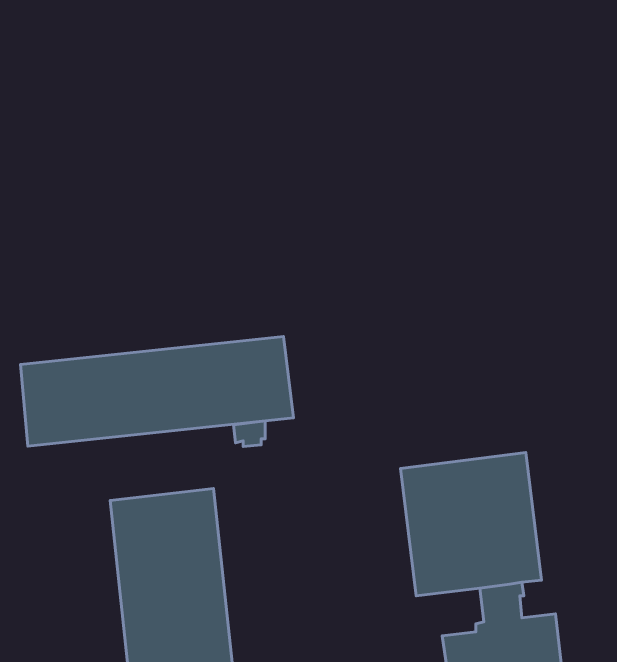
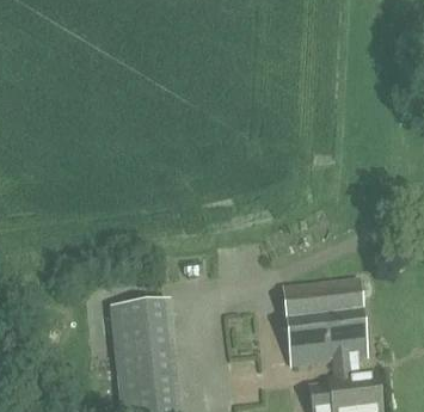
building: [20,337,294,446] -> none

